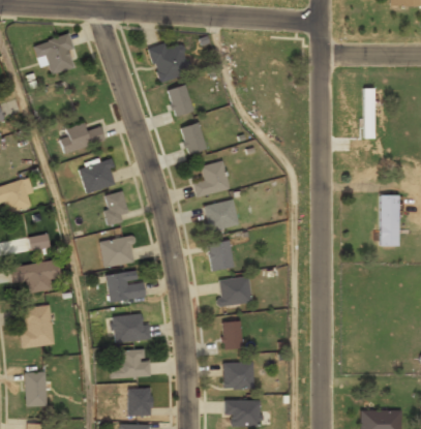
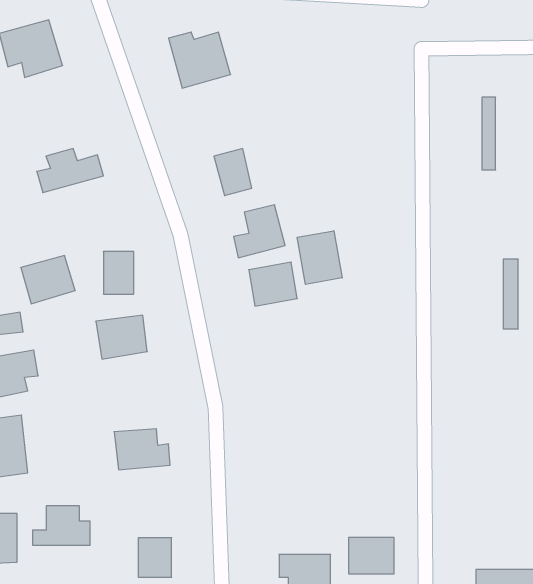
building: [168,85,194,117] -> none
building: [80,160,117,193] -> [21,256,75,304]
building: none -> [297,231,342,284]
building: [208,241,234,271] -> none
building: [108,273,145,300] -> none
building: [219,278,251,306] -> none
building: [223,323,242,348] -> none
building: [112,350,151,377] -> [33,506,90,545]
building: [223,364,254,389] -> [349,537,394,574]

